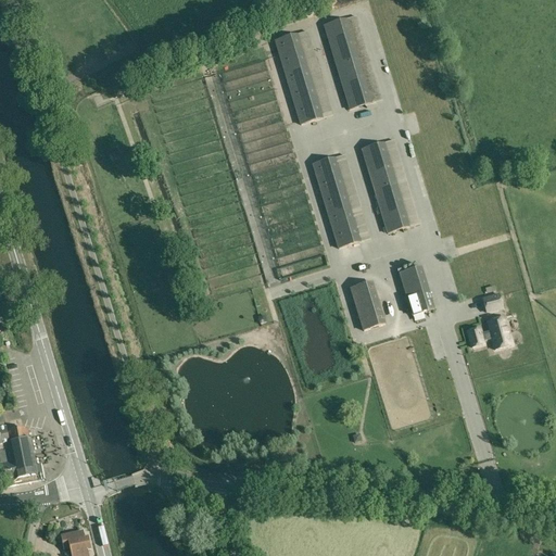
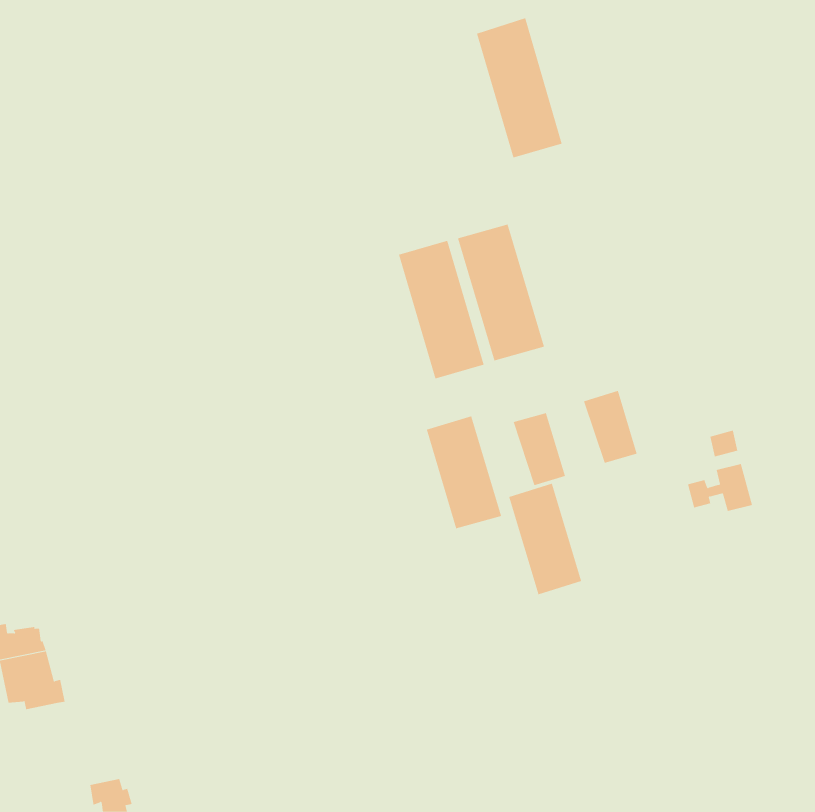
building: [274,27,332,122] -> none
building: [361,138,419,232] -> [398,240,484,379]
building: none -> [426,416,502,529]
building: none -> [509,483,582,595]

